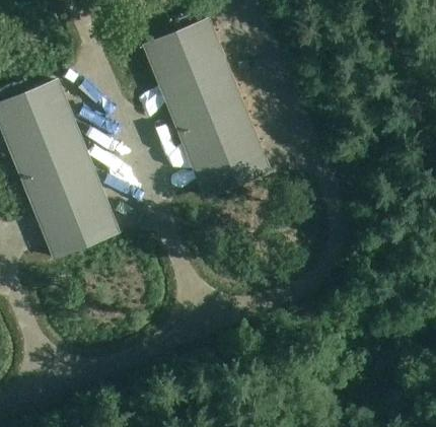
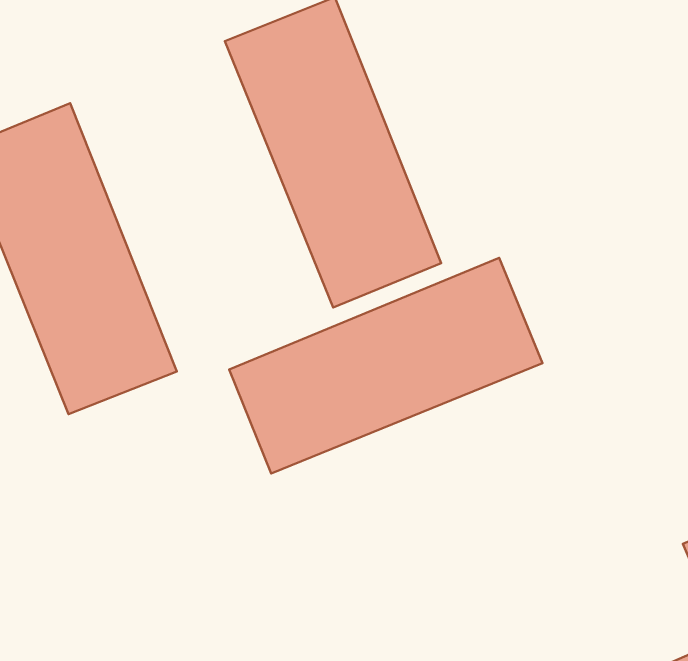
building: none -> [229,258,542,474]

